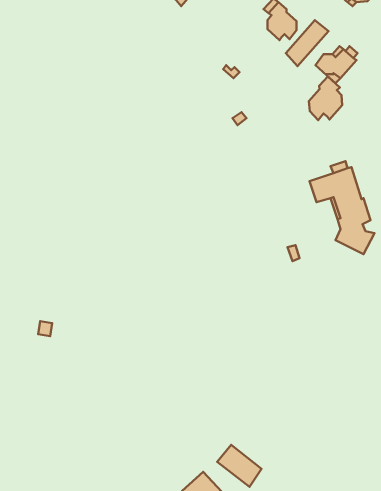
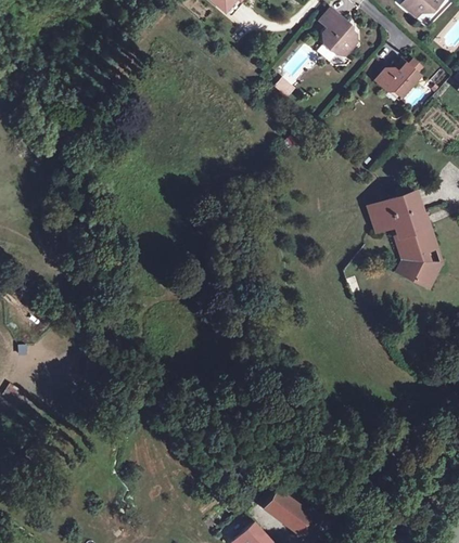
building: [286,20,328,66] -> none
building: [309,77,342,120] -> none

